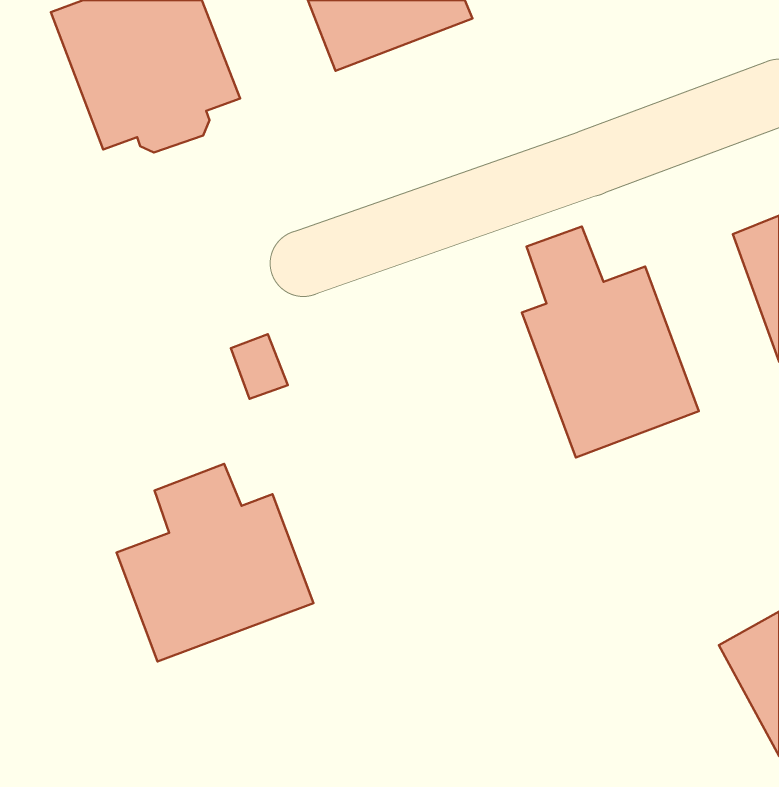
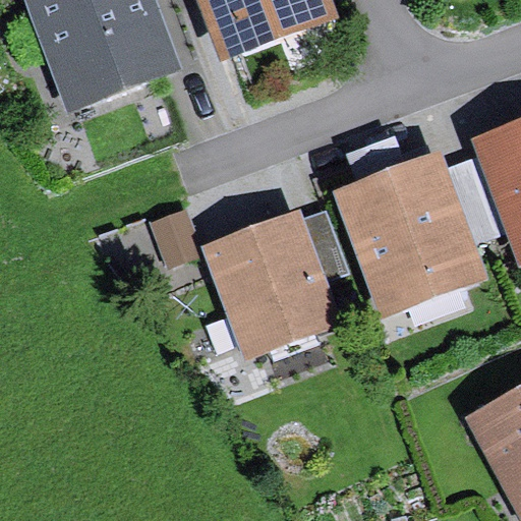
building: none -> [208,217,339,353]
building: [117,464,314,662] -> none

